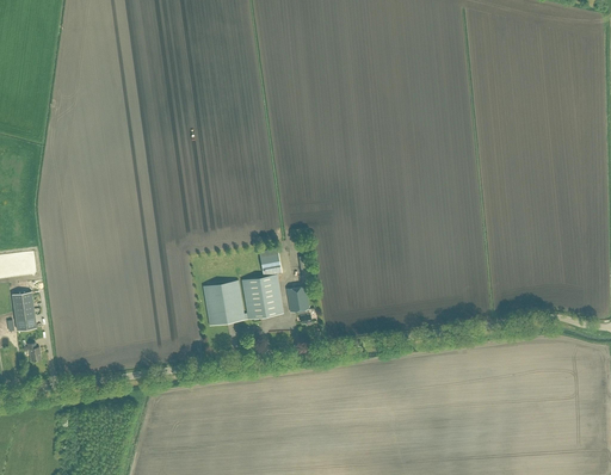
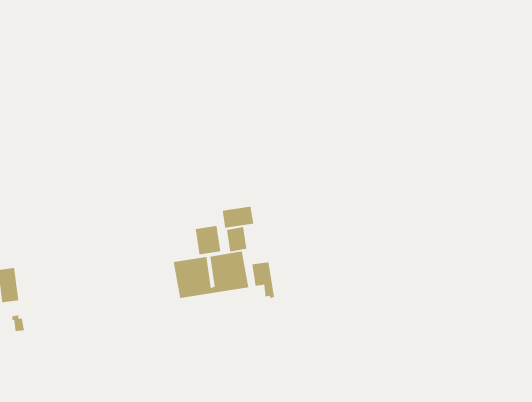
building: none -> [222,206,254,228]
building: none -> [195,225,221,255]

